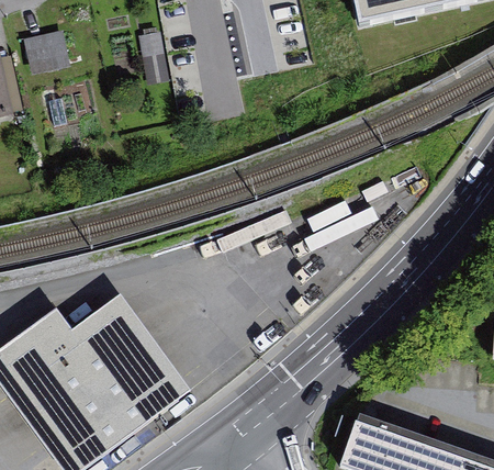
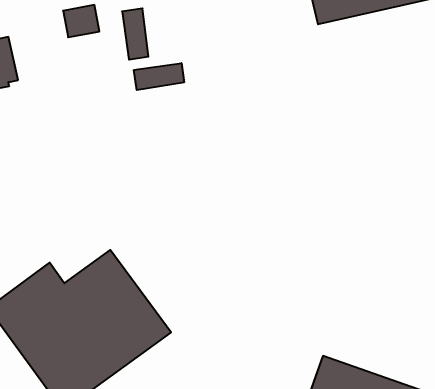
building: [27,32,68,68] -> [63,5,99,37]
building: none -> [134,63,184,90]

